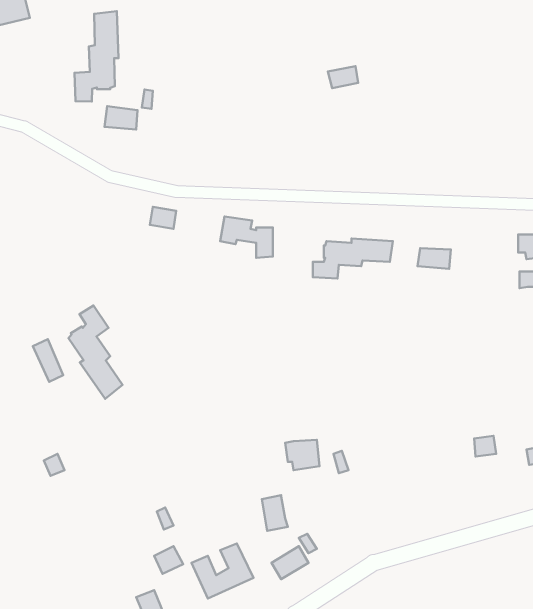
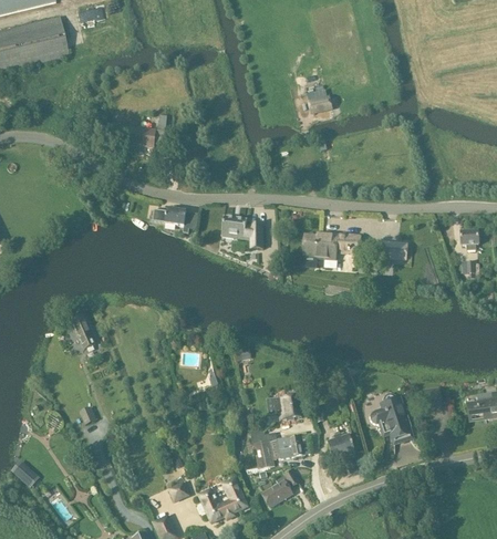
building: [75,11,119,101] -> none
building: [68,306,122,399] -> none
building: none -> [371,393,413,442]
building: none -> [327,433,355,459]
building: none -> [270,434,310,458]

